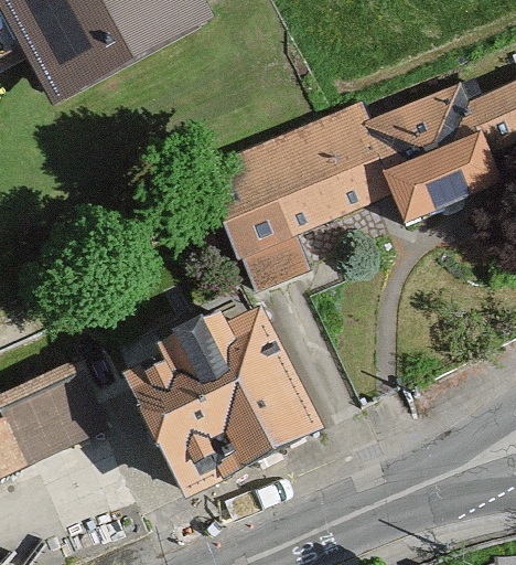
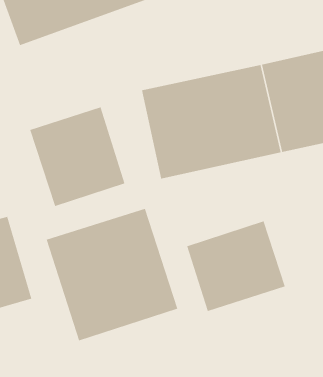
building: none -> [30,107,125,207]
building: none -> [187,221,285,312]

